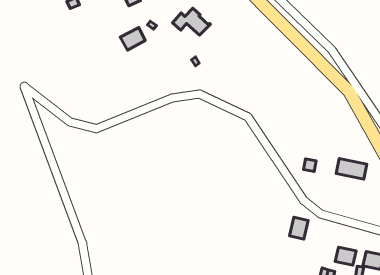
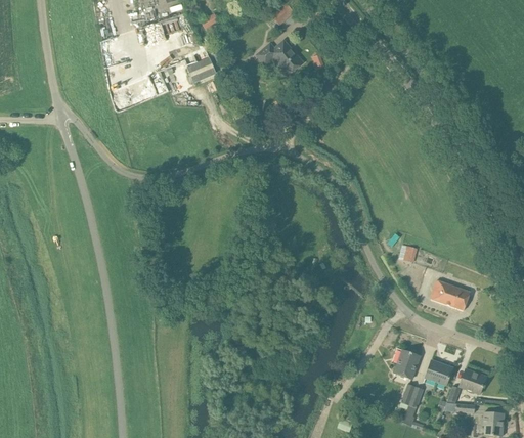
building: [336,158,367,179] -> [431,280,471,310]
building: [290,217,308,239] -> [395,350,421,379]

